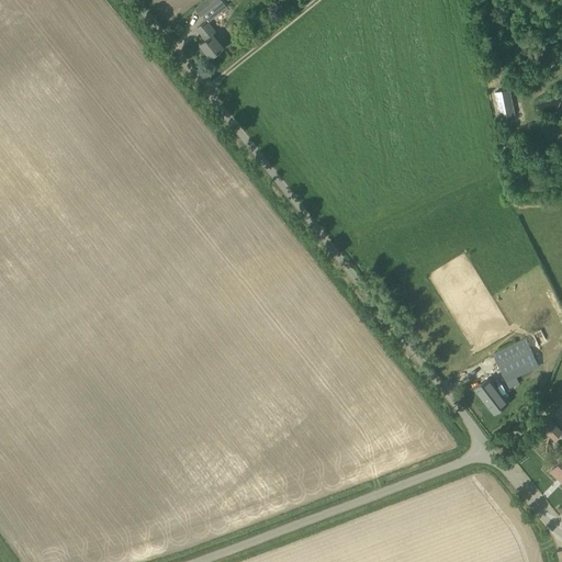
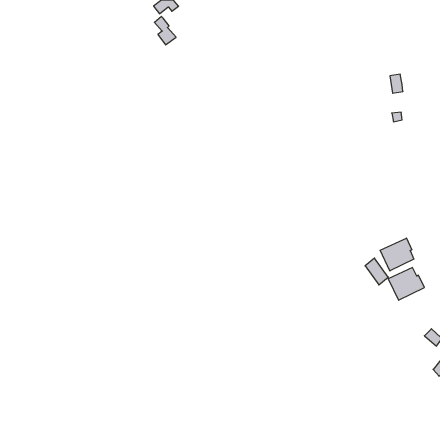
building: none -> [380,238,414,271]
building: [477,379,507,413] -> [365,258,388,285]

